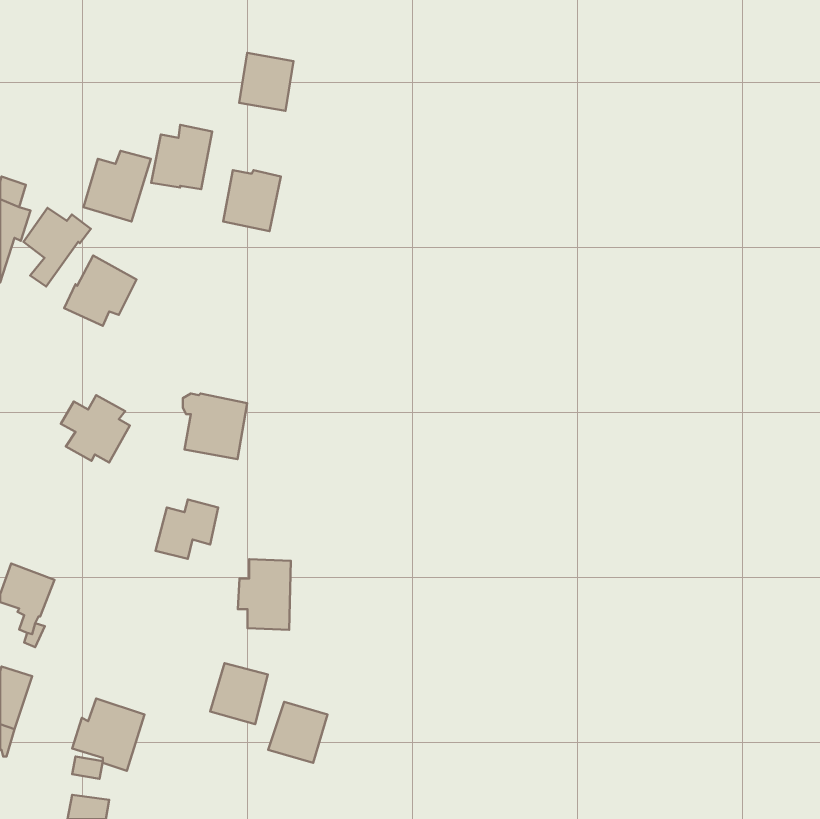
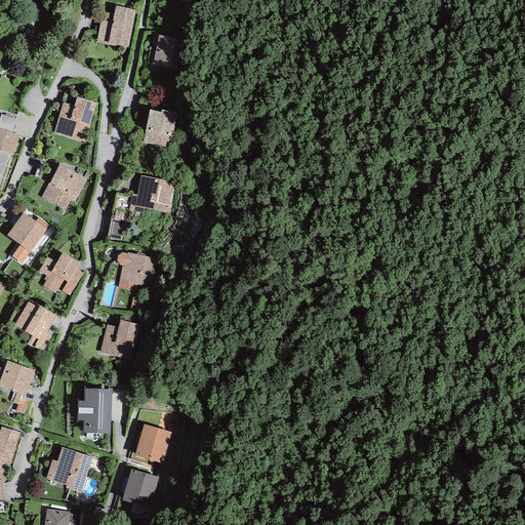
building: [151,125,212,189] -> [96,5,135,46]
building: [24,208,91,287] -> [7,212,50,262]
building: none -> [128,174,176,213]
building: none -> [13,300,55,352]
building: [238,559,291,630] -> [77,388,111,433]
building: [268,702,328,763] -> [121,469,159,508]

